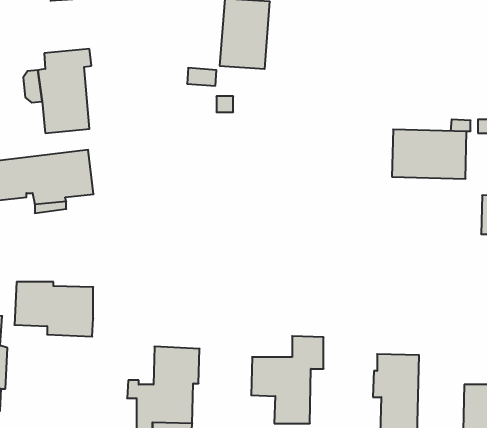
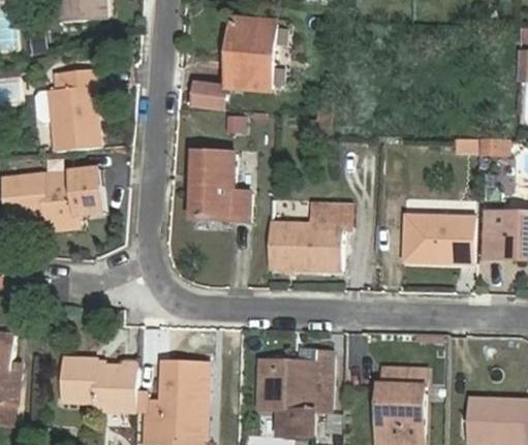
building: [392,129,467,179] -> [402,214,475,262]
building: none -> [192,151,249,220]
building: none -> [269,203,351,269]
building: [14,282,93,337] -> [60,357,137,411]

